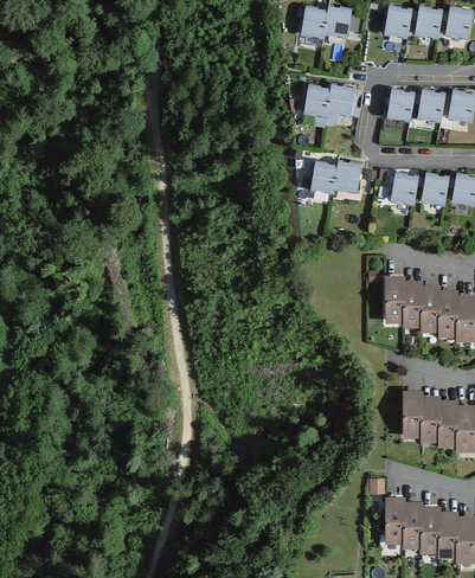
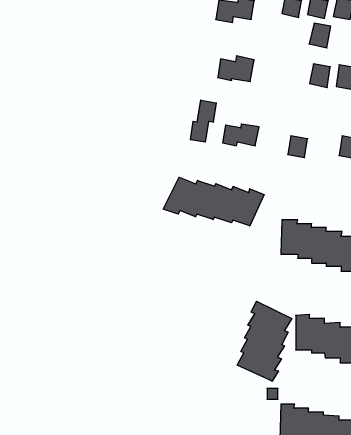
building: [386,90,412,120] -> [309,23,331,48]
building: none -> [190,100,216,142]
building: [422,178,447,205] -> none
building: none -> [163,177,264,226]
building: none -> [237,301,292,381]

